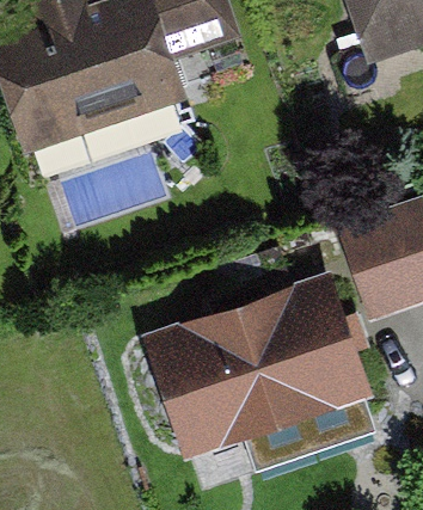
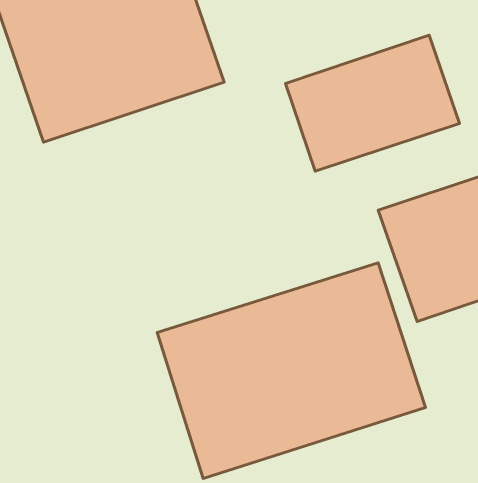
building: none -> [286,35,459,171]

